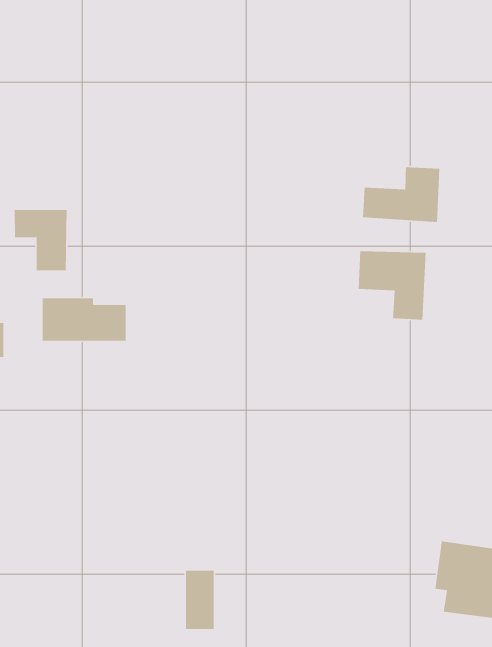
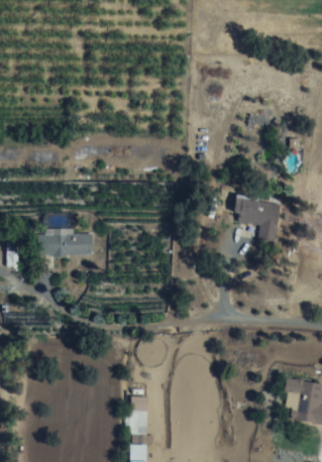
building: [362,167,440,223] -> none
building: [14,209,68,271] -> none

